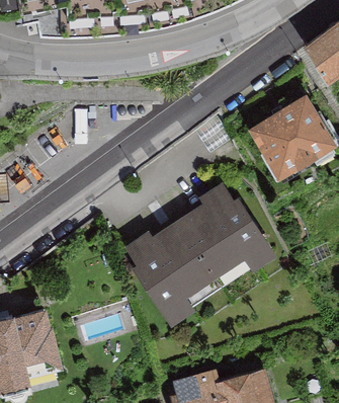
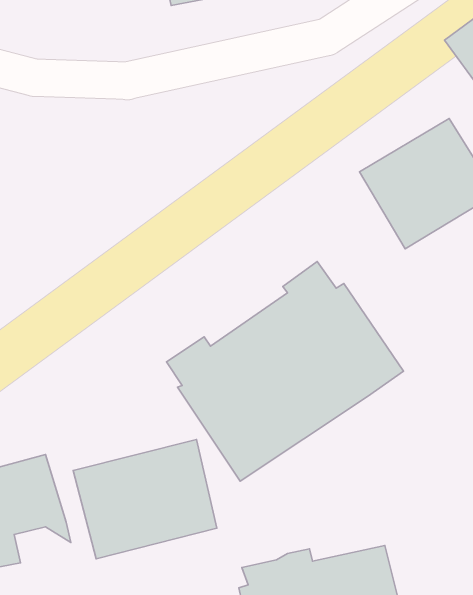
building: none -> [73,440,217,559]

